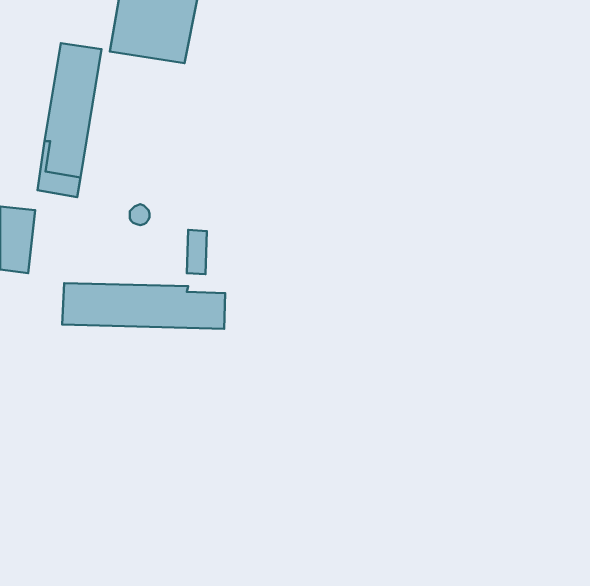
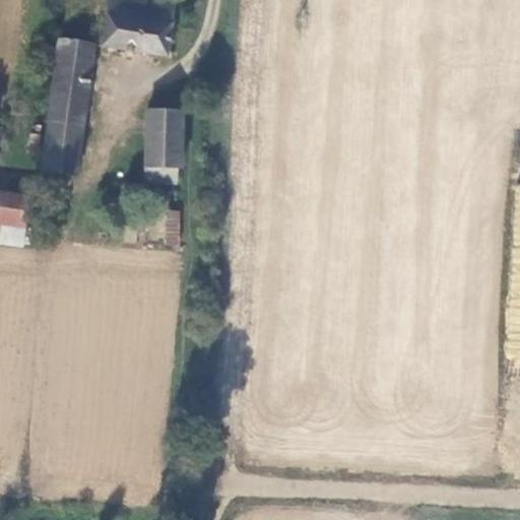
building: none -> [145,110,184,181]
building: [62,283,225,329] -> none

